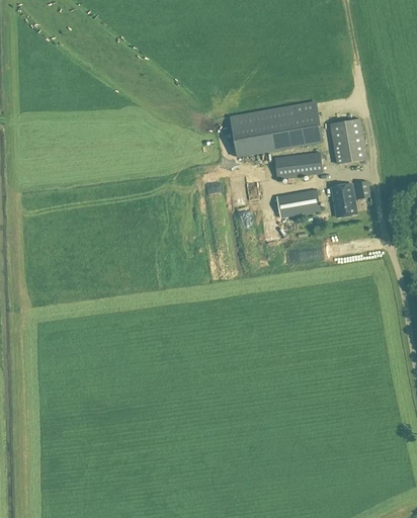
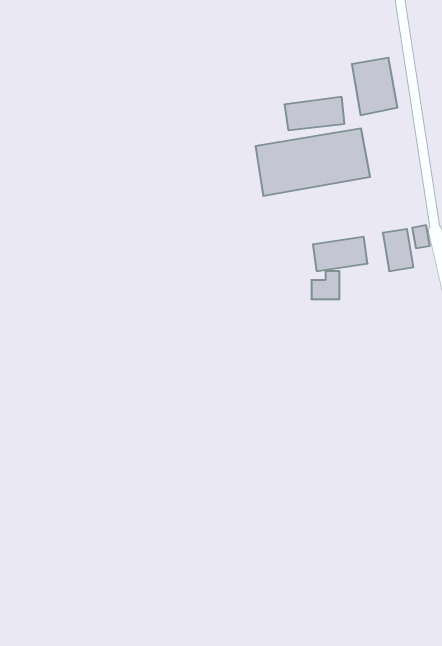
building: [329,117,365,163] -> [352,58,398,115]
building: [273,151,321,177] -> [284,97,344,130]

